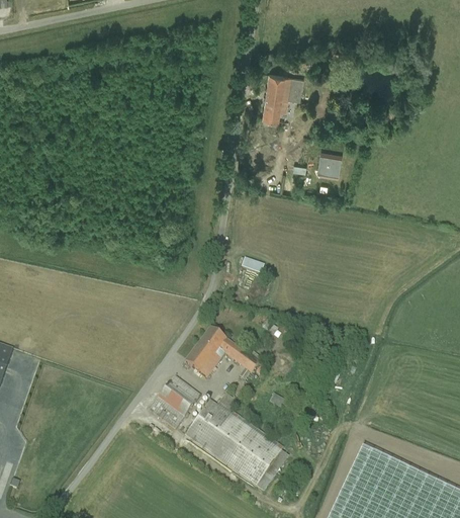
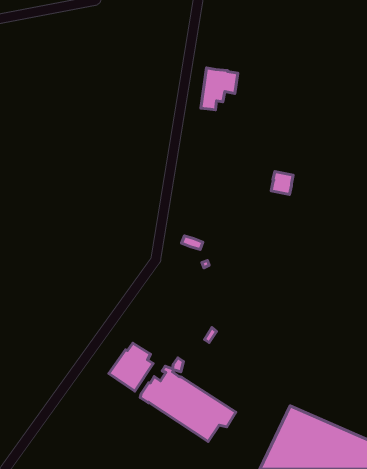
building: [316,154,341,179] -> [271,172,293,195]
building: [182,328,257,380] -> none

